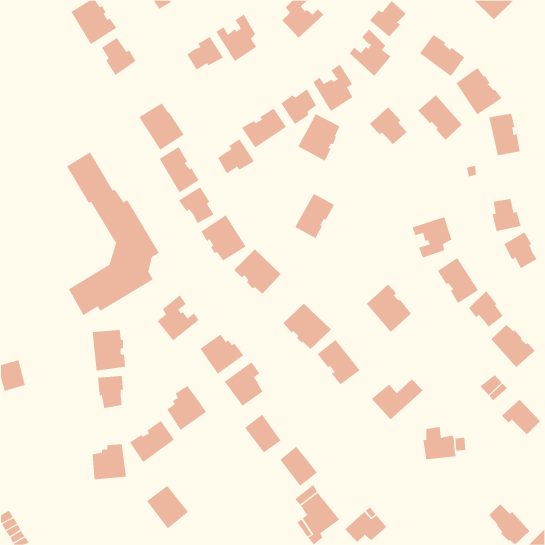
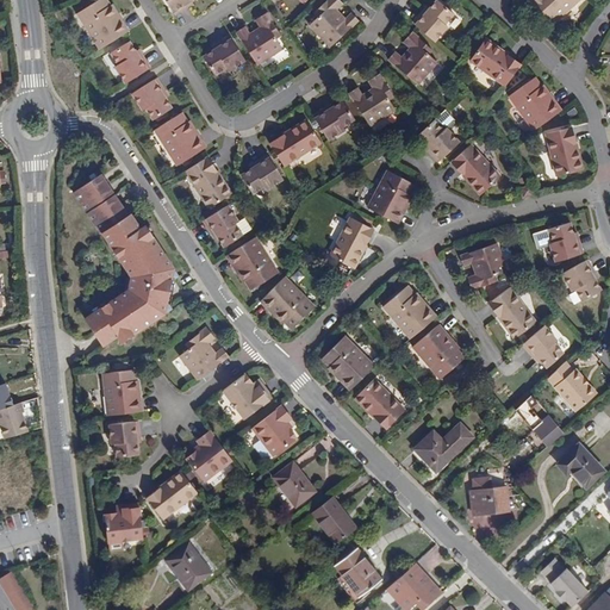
building: none -> [132,80,172,122]
building: [418,95,462,141] -> [450,143,500,194]
building: [297,113,340,161] -> [366,169,413,223]
building: none -> [378,278,430,331]

